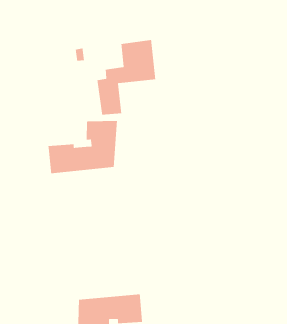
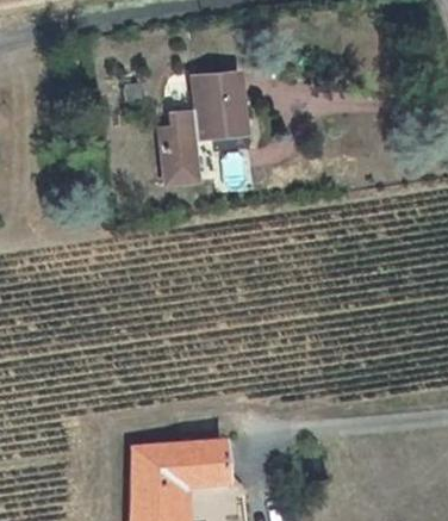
building: [48,120,118,174] -> none

